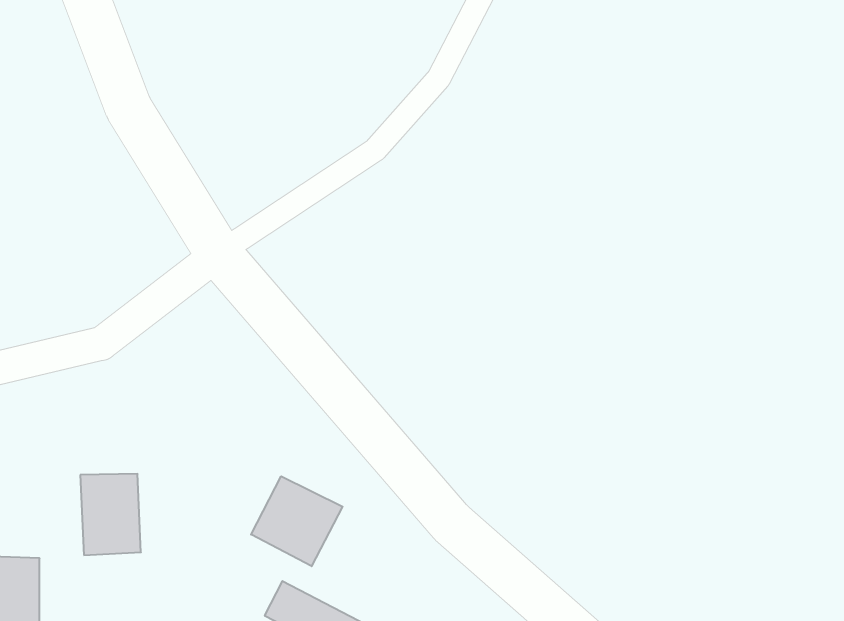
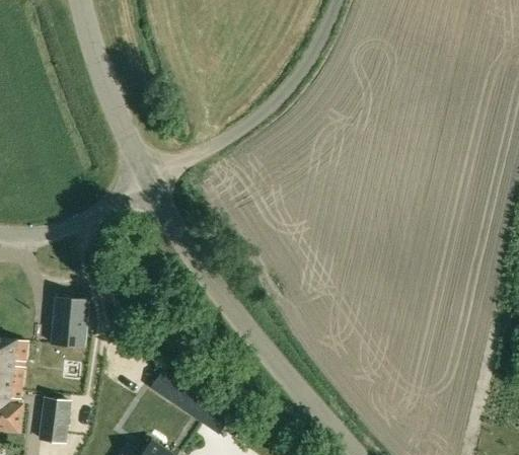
building: [251,476,343,566] -> none

